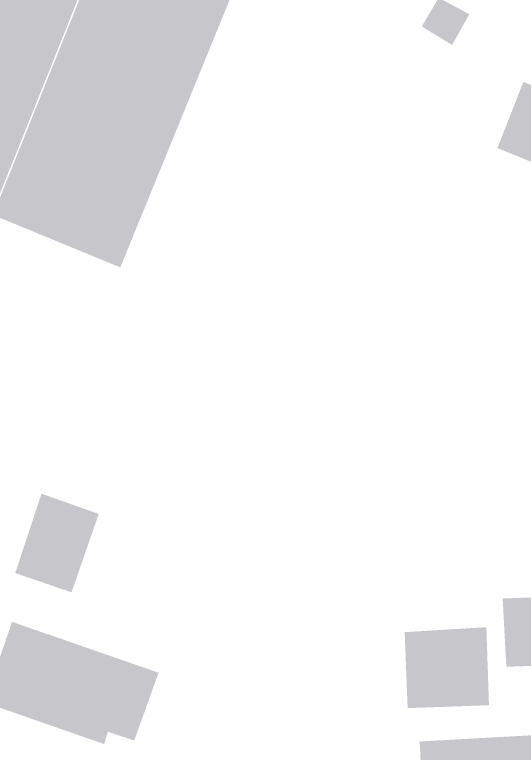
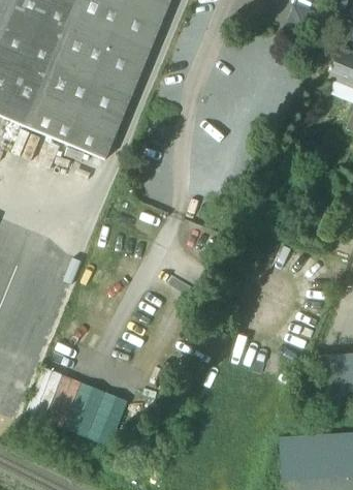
building: [15,493,100,593] -> none
building: [404,627,489,709] -> none

